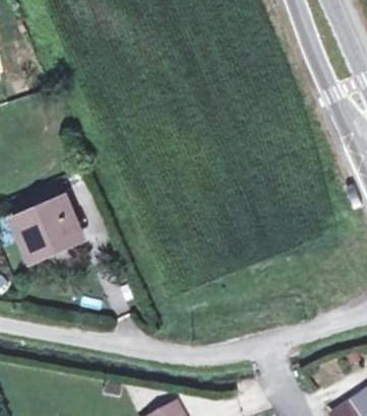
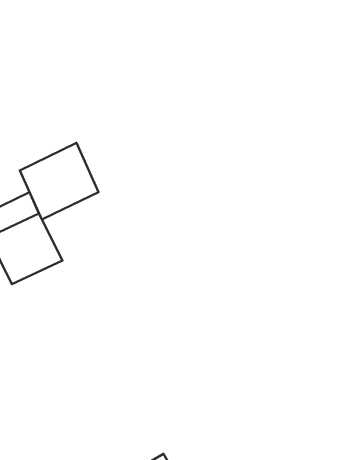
building: none -> [20,143,99,220]

